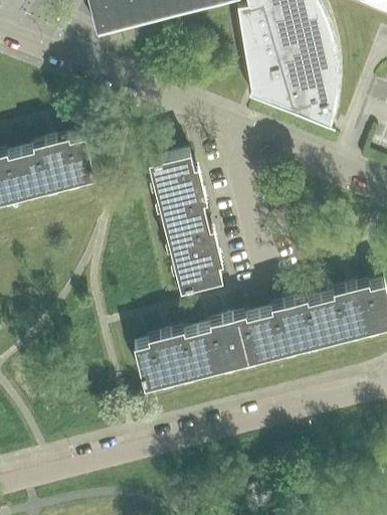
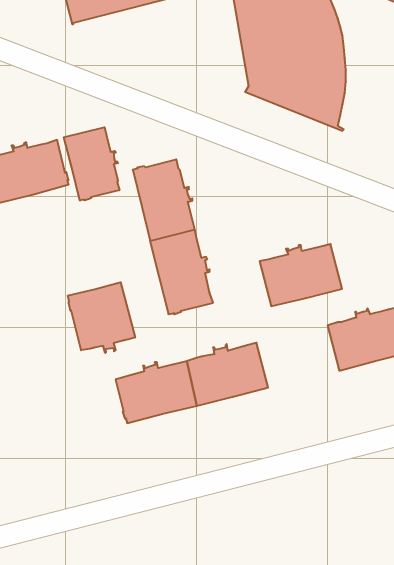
building: none -> [64,127,119,201]
building: none -> [68,282,135,353]
building: [259,300,332,354] -> [260,244,342,306]

